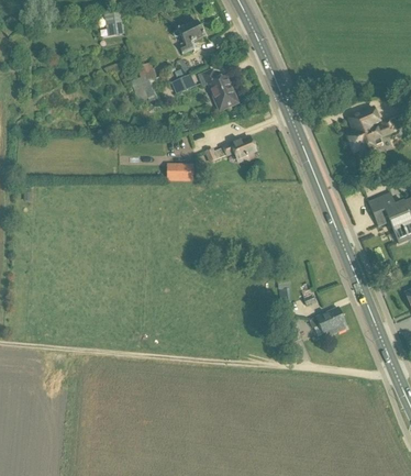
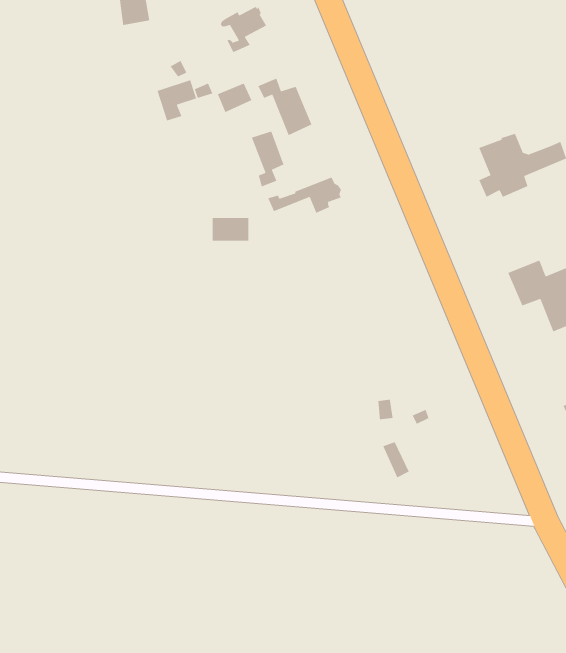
building: none -> [251,130,284,187]
building: [309,307,346,335] -> none

